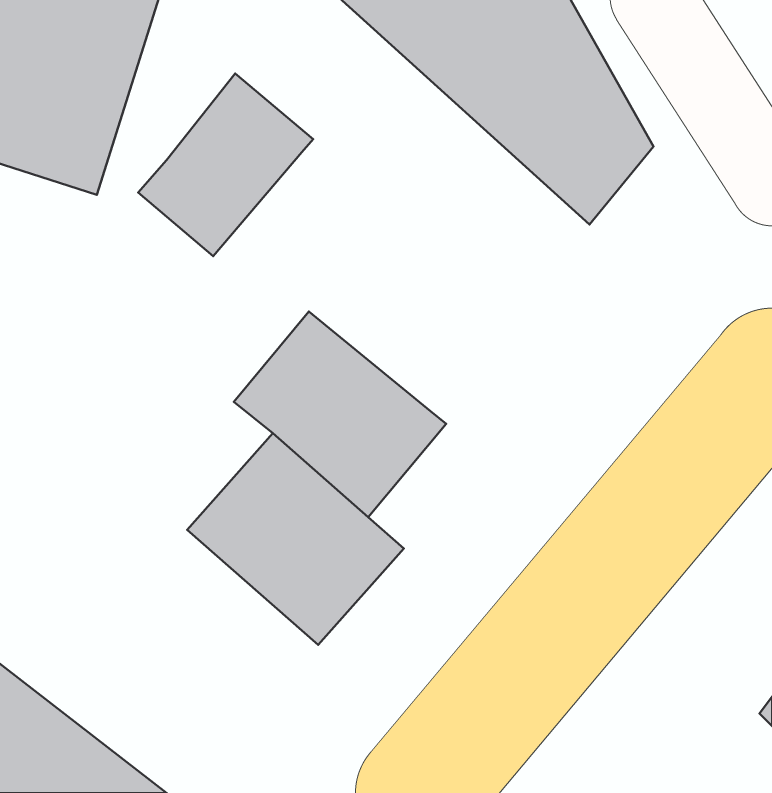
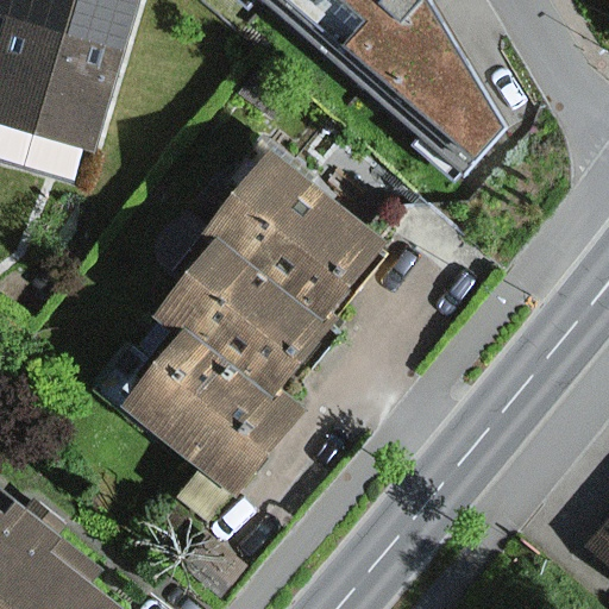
building: [138,74,313,256] -> none
building: none -> [224,147,396,314]

